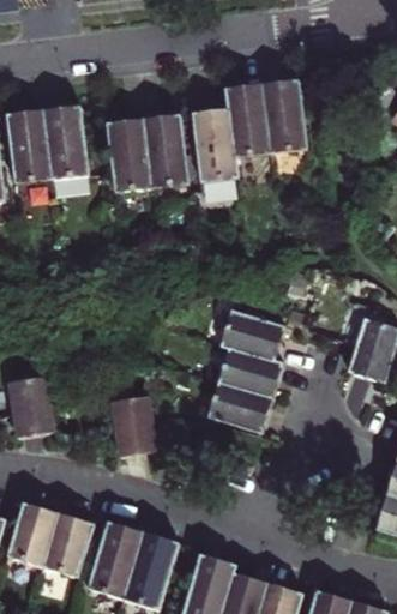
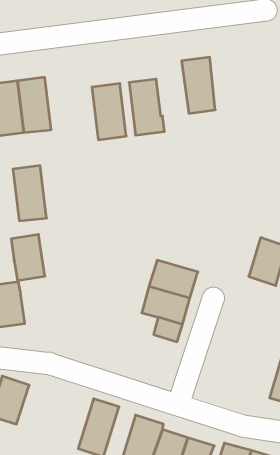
building: [225,84,271,157] -> none
building: [107,119,151,192] -> [13,166,47,221]
building: [221,309,284,361] -> none
building: [113,396,157,457] -> [11,234,45,281]
building: [43,513,94,576] -> none
building: [88,520,145,597] -> none

